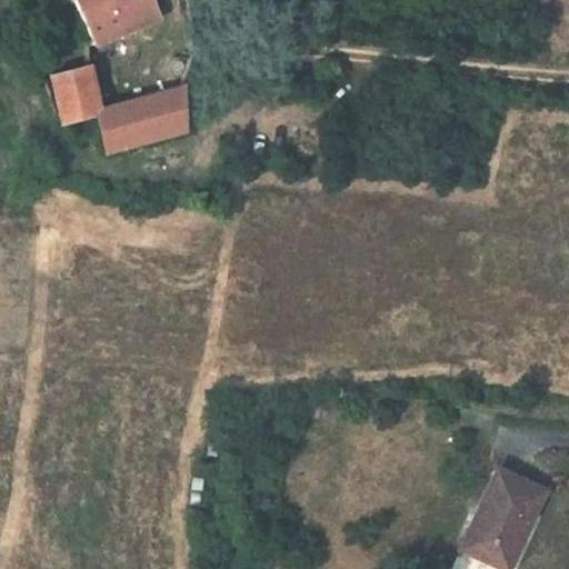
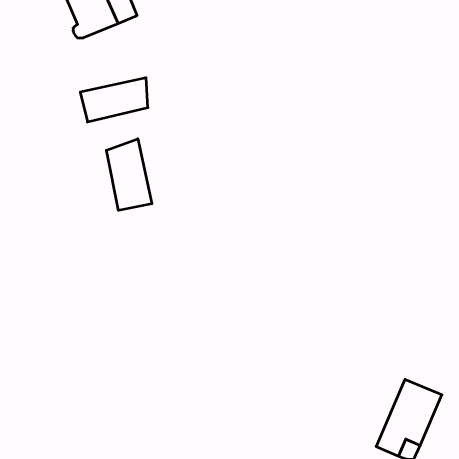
building: [54,64,99,121] -> none
building: none -> [106,139,152,210]

